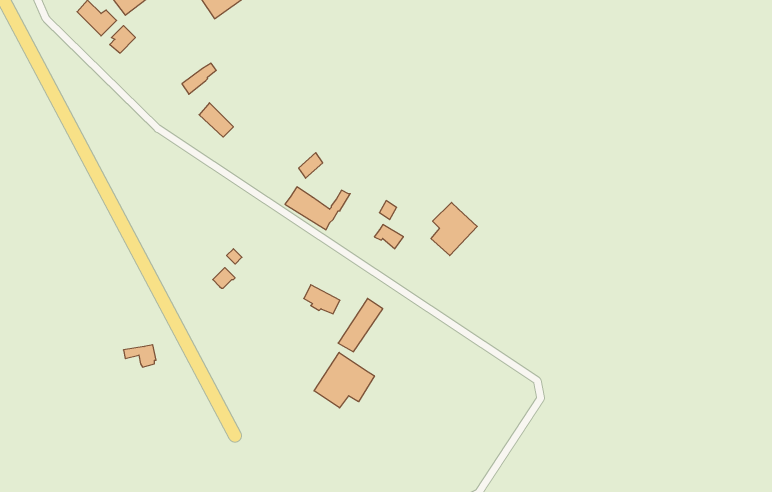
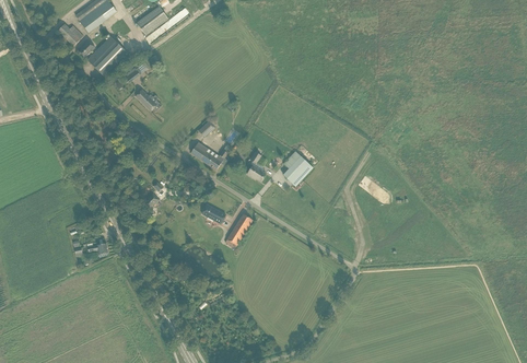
building: none -> [86,35,126,74]
building: [314,352,374,408] -> none

